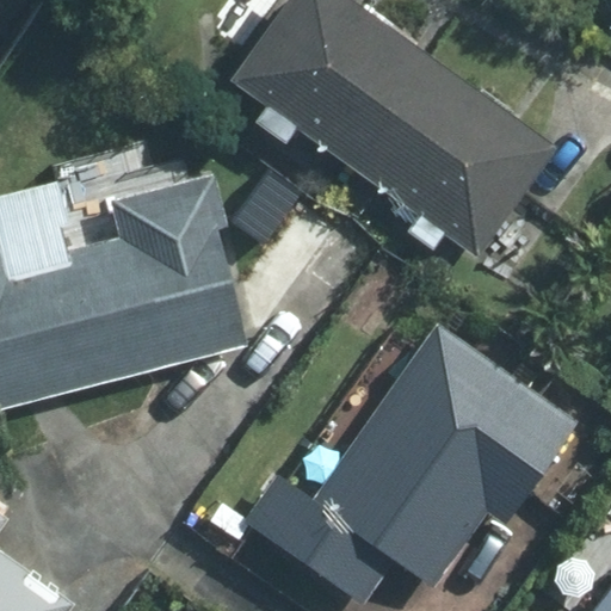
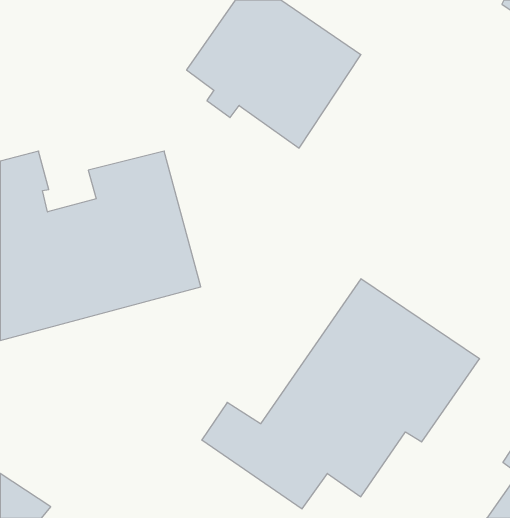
building: [362,64,551,252] -> none

